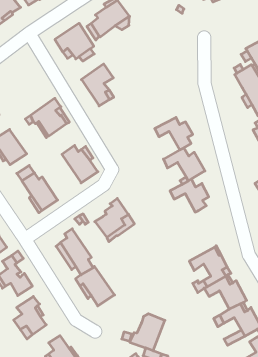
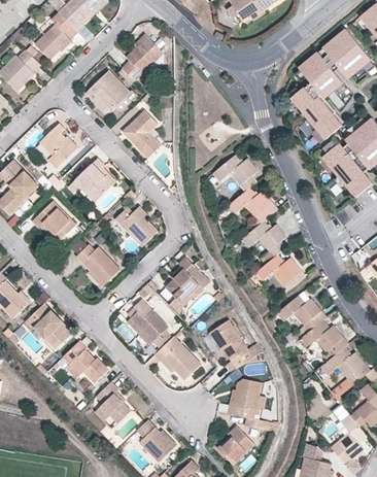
building: none -> [39,123,78,168]
building: none -> [256,254,305,289]
building: none -> [209,319,262,368]

